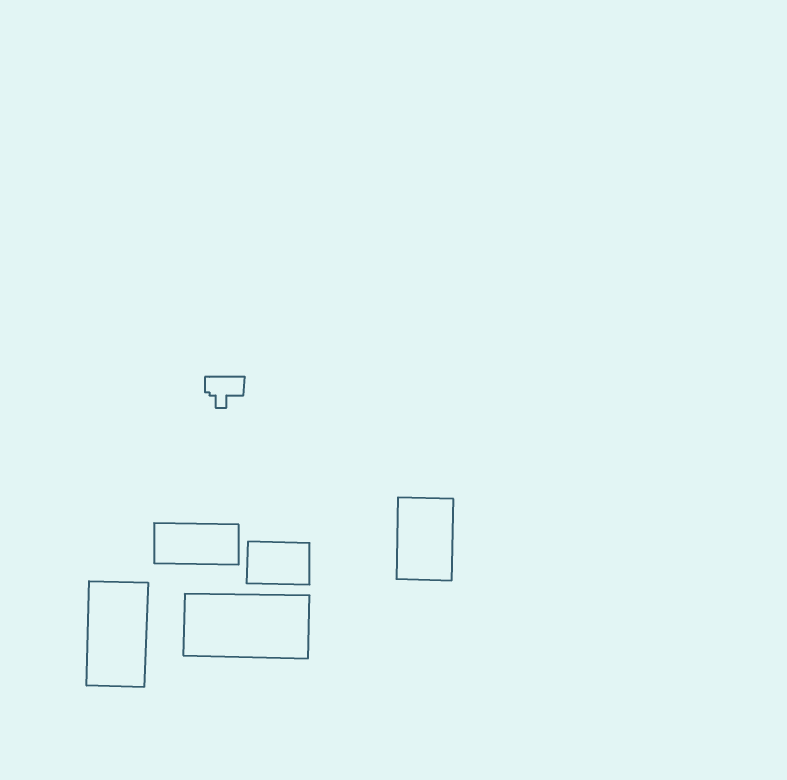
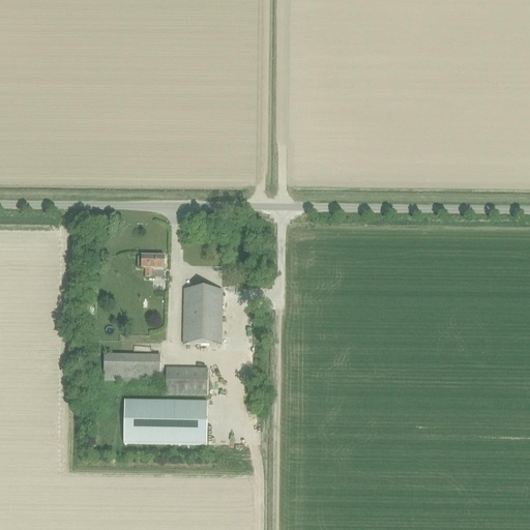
building: [396,497,453,580] -> [183,287,222,343]
building: [87,581,148,687] -> none

